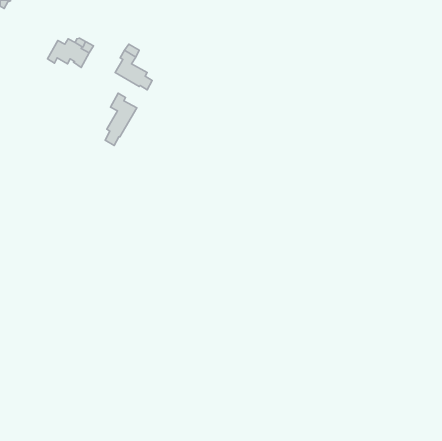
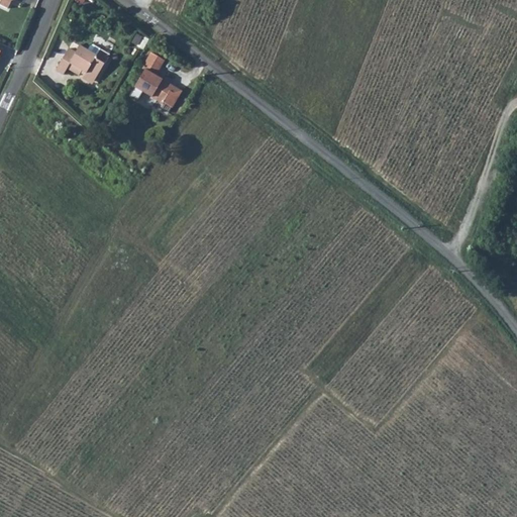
building: [105,93,137,145] -> none

